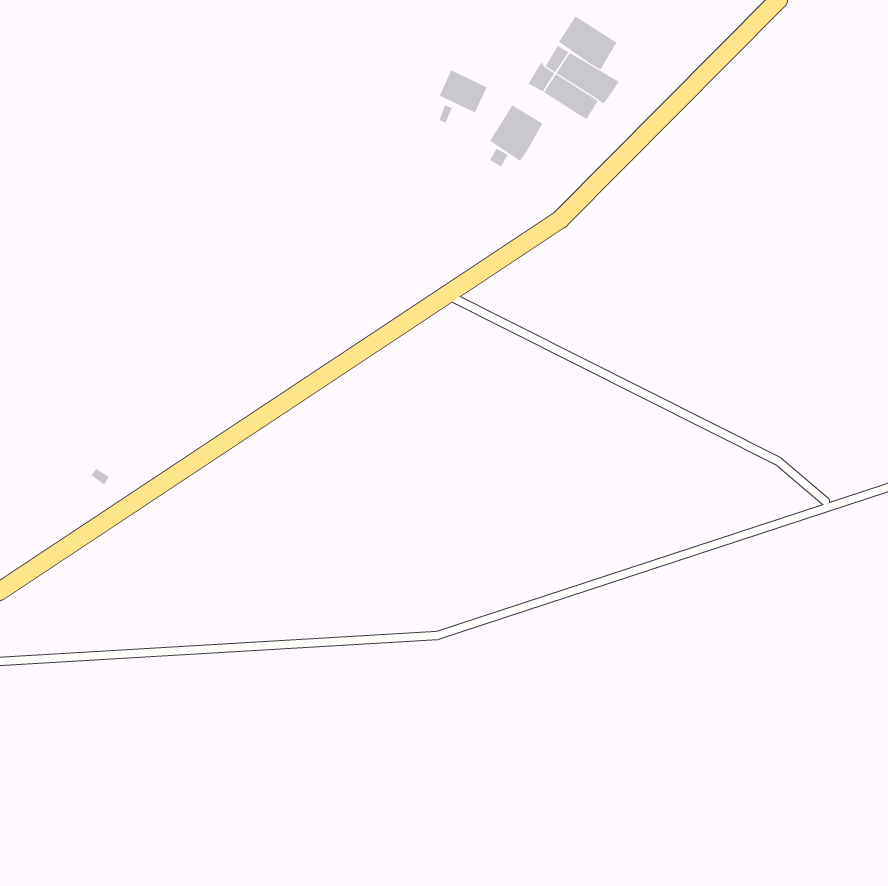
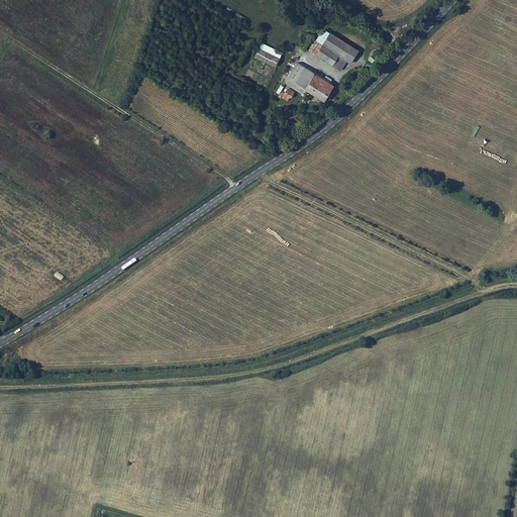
building: [558,15,617,70] -> none
building: none -> [306,74,334,102]

